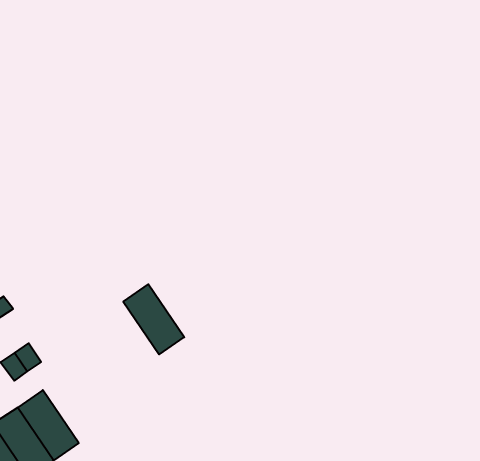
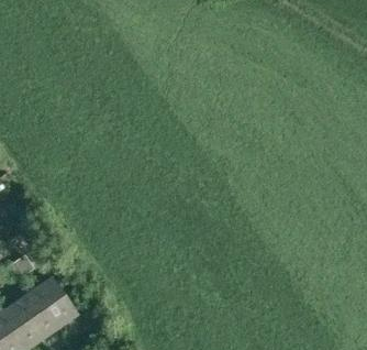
building: [123,284,184,354] -> [33,277,76,327]

